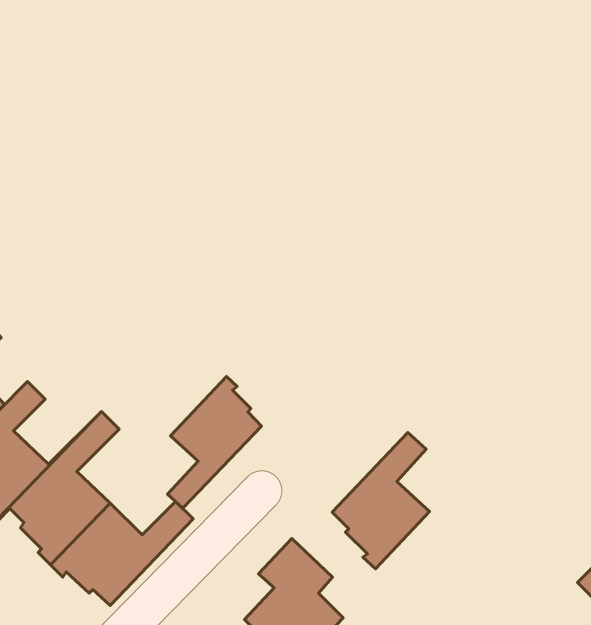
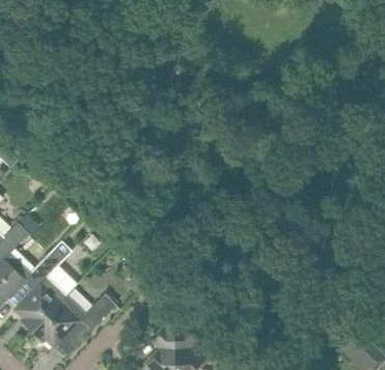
building: [168,377,262,508] -> none
building: [332,433,430,569] -> none

